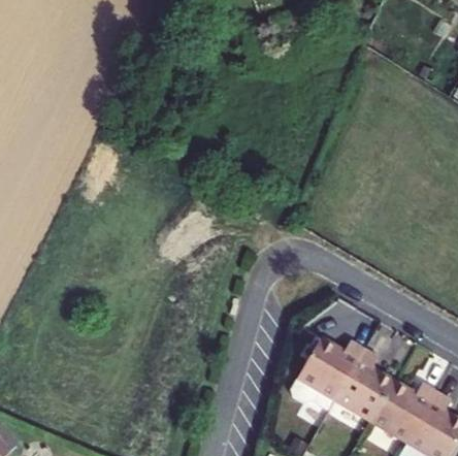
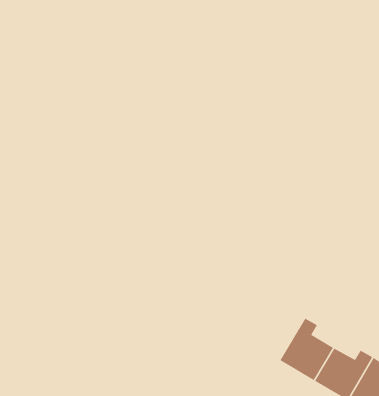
building: [291,343,360,409] -> none

